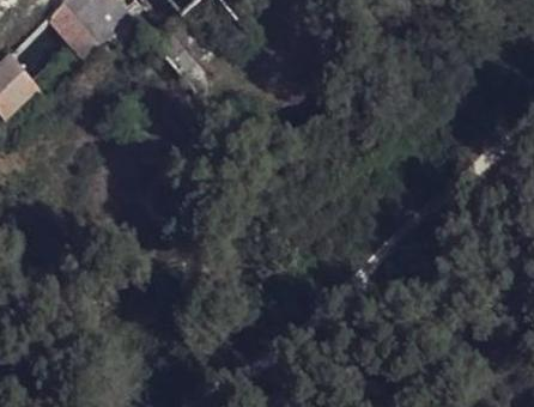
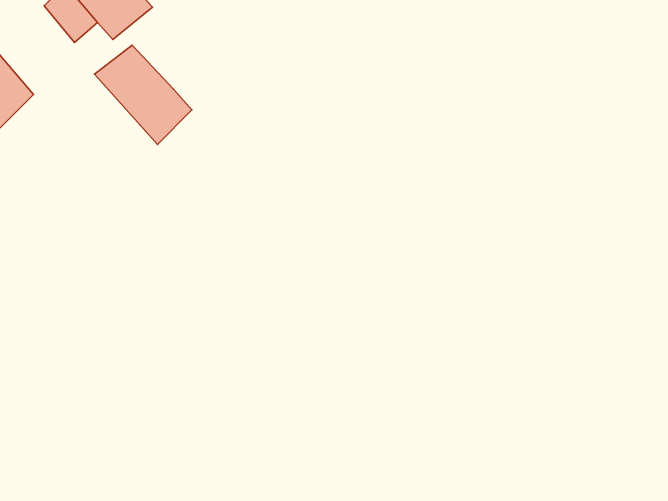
building: none -> [95,45,192,145]

